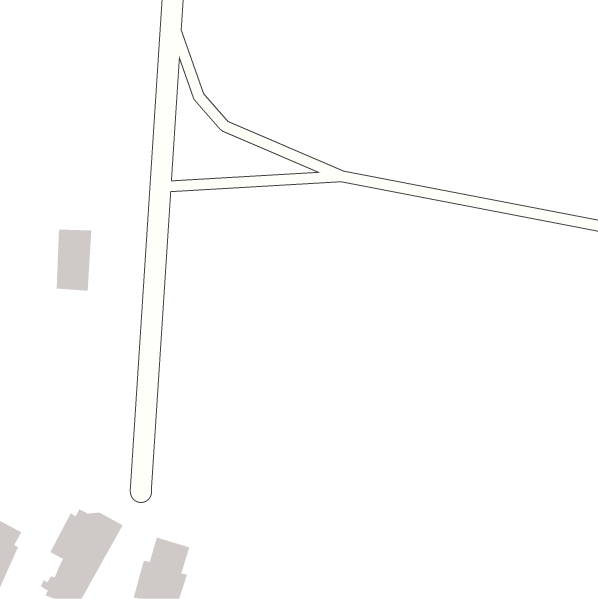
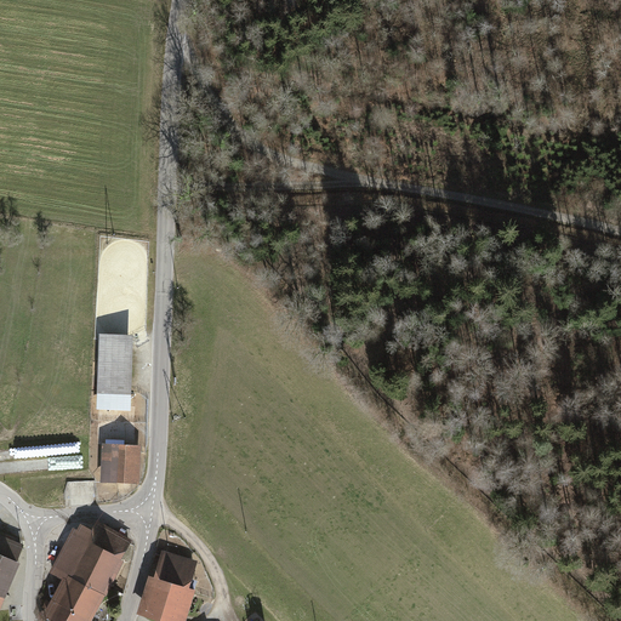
building: [56,229,92,291] -> [96,336,133,400]
building: none -> [101,446,139,488]

